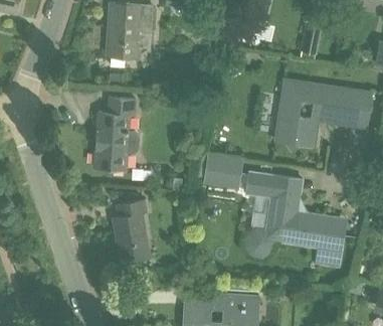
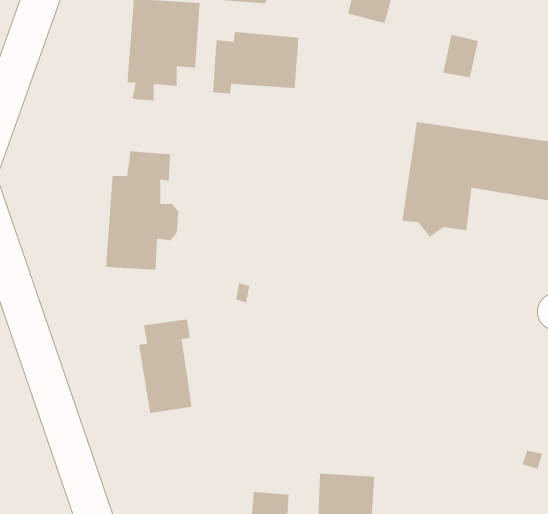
building: none -> [212,31,299,95]
building: [203,152,242,187] -> none
building: [243,170,347,268] -> none

